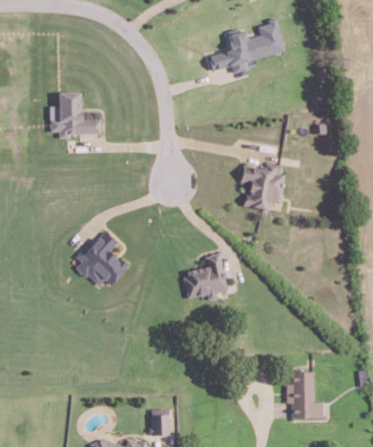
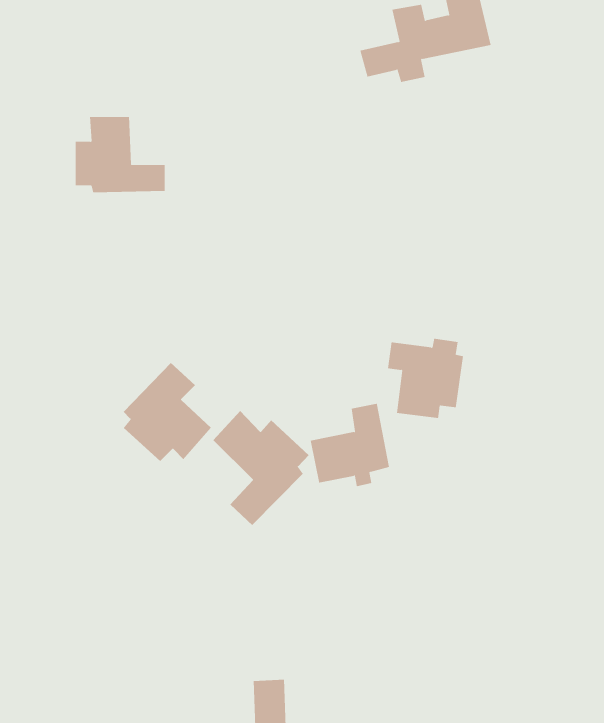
building: [240,164,283,209] -> [387,338,464,418]
building: none -> [212,410,309,526]
building: [287,372,321,419] -> none

